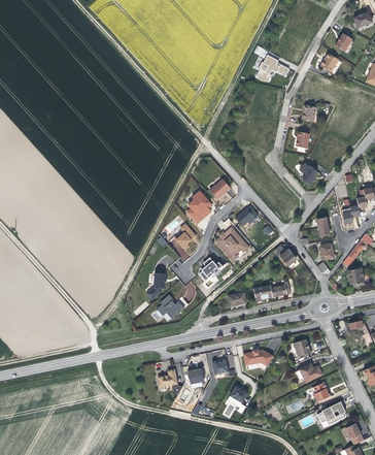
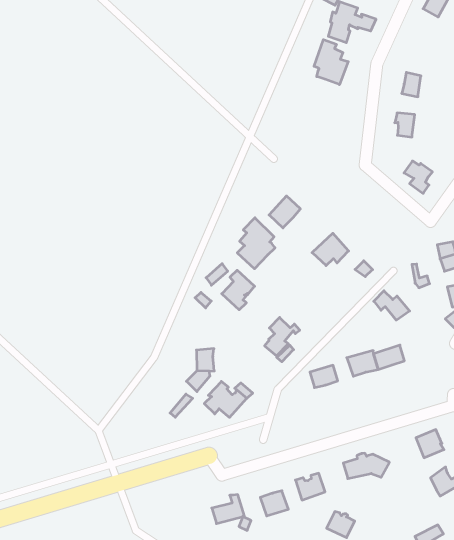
building: none -> [314,40,348,85]
building: [216,227,249,256] -> none

